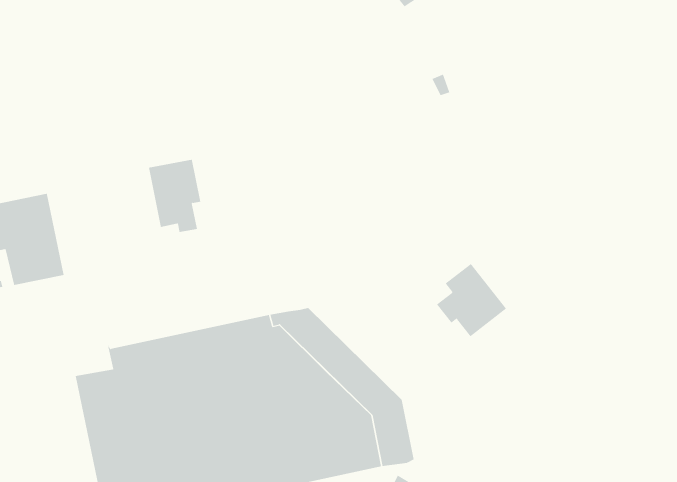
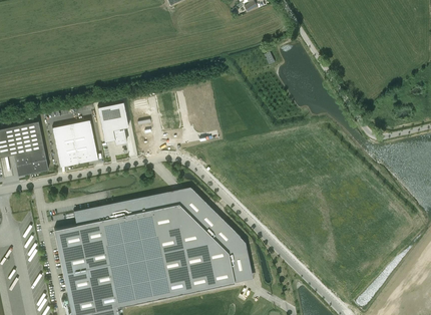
building: none -> [51,120,97,168]
building: [436,263,507,337] -> none

